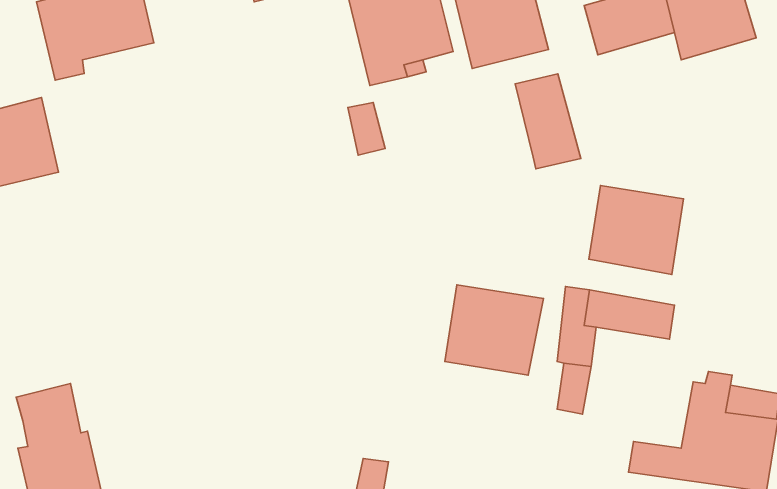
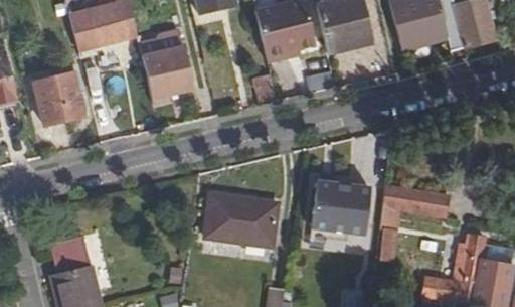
building: none -> [137,40,192,100]
building: [515,74,581,169] -> none
building: [589,185,683,274] -> none
building: none -> [203,191,275,243]

